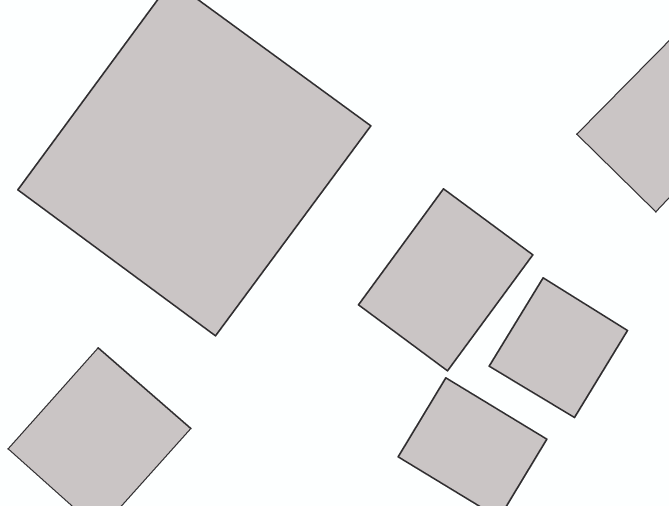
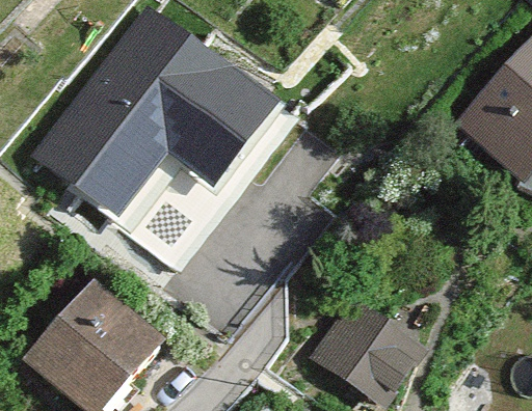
building: [358,189,533,371] -> none
building: [489,278,627,418] -> none

